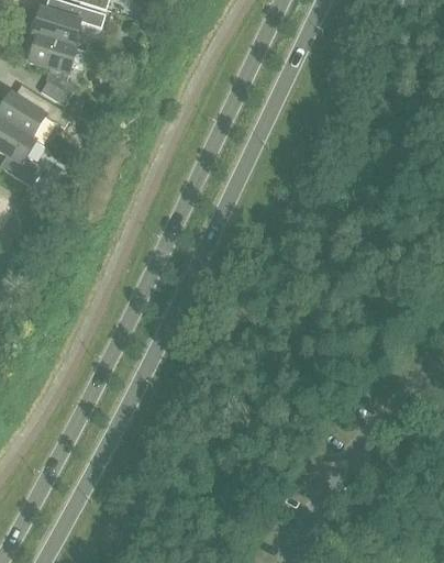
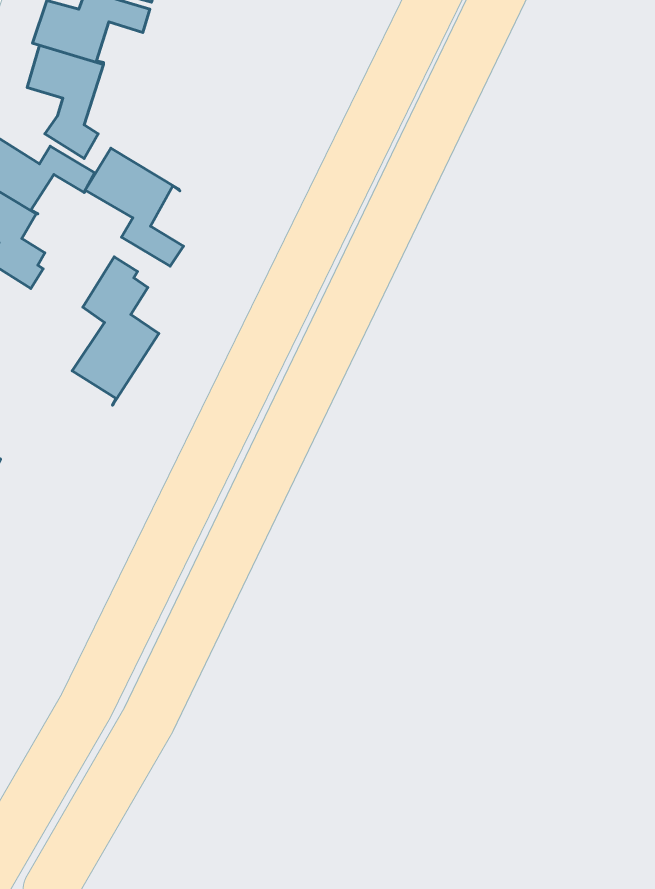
building: none -> [85,148,183,266]
building: none -> [72,257,159,405]

